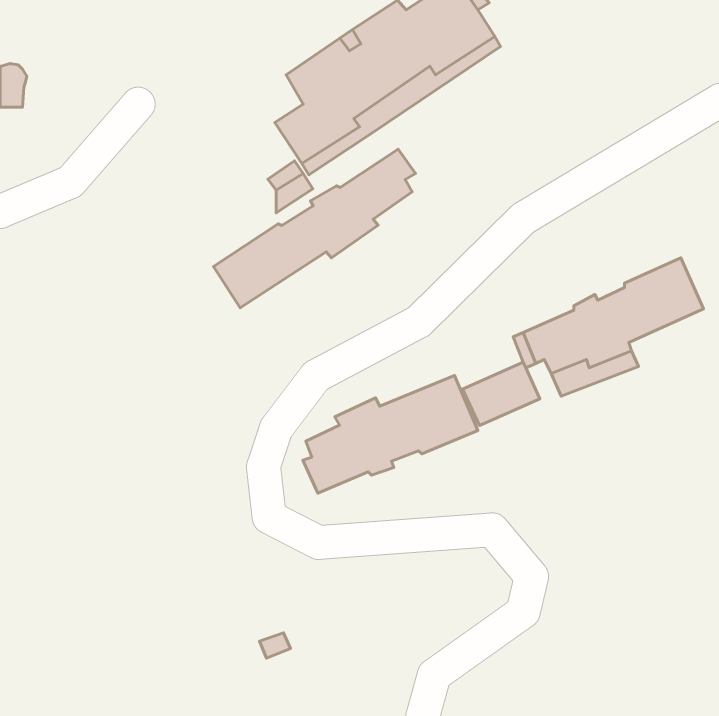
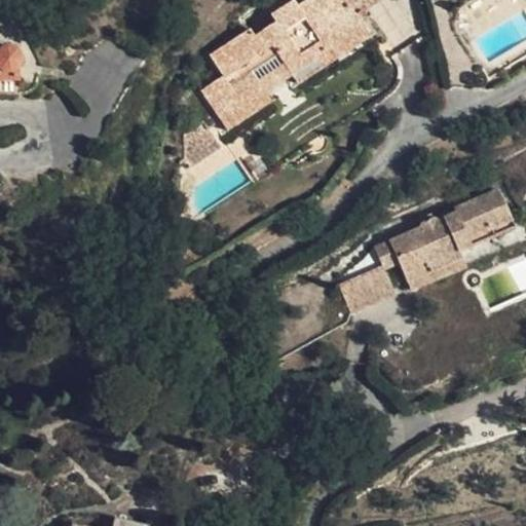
building: [213,149,415,308] -> none
building: [303,375,478,493] -> none

